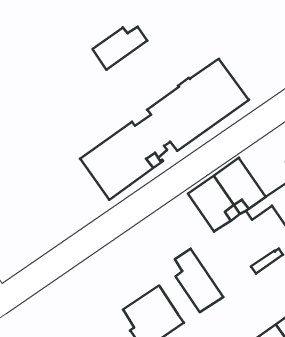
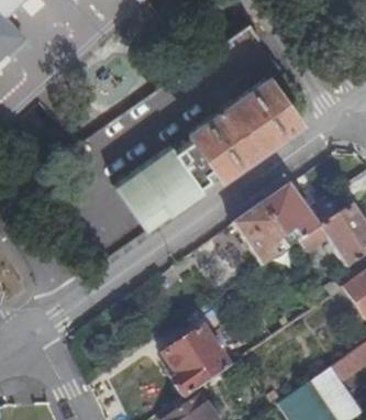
building: [93,27,147,70] -> none
building: [175,249,223,312] -> none

